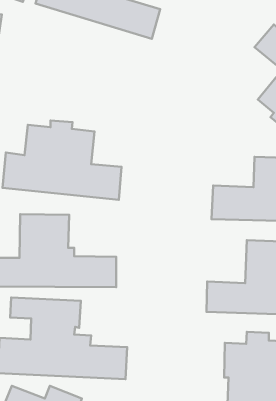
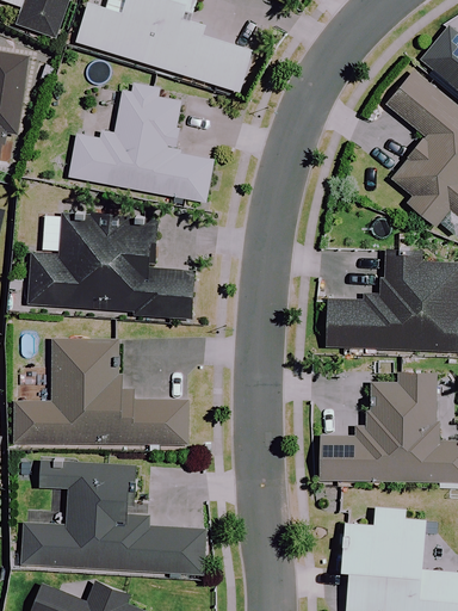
building: none -> [69,85,213,206]

